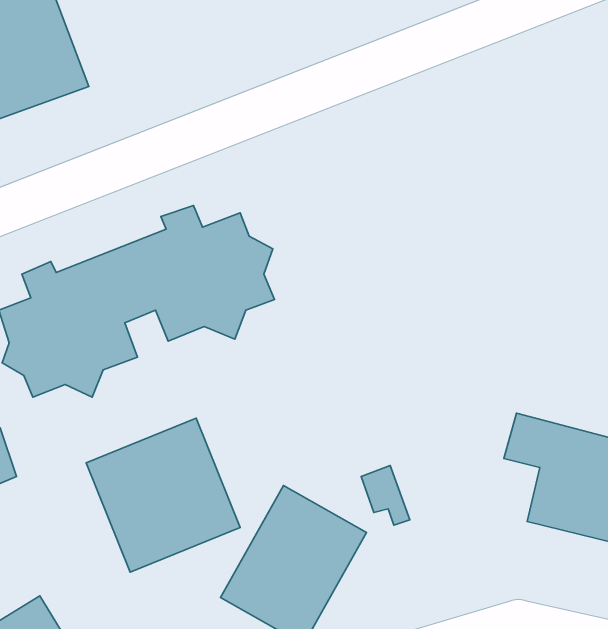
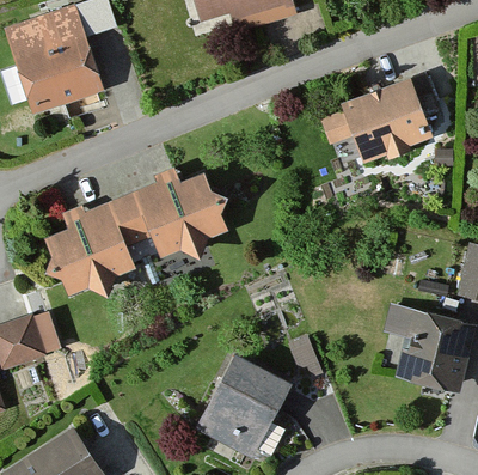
building: none -> [319,78,437,162]
building: [86,418,240,572] -> none

